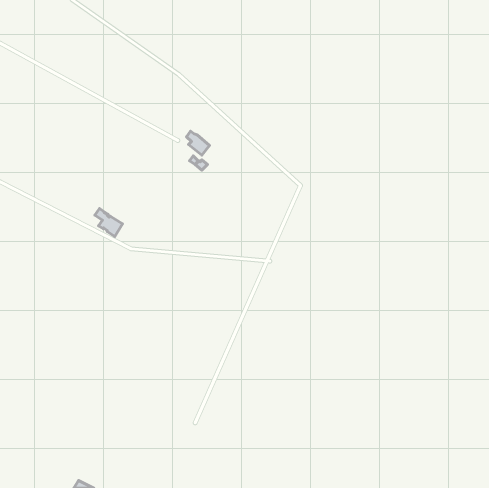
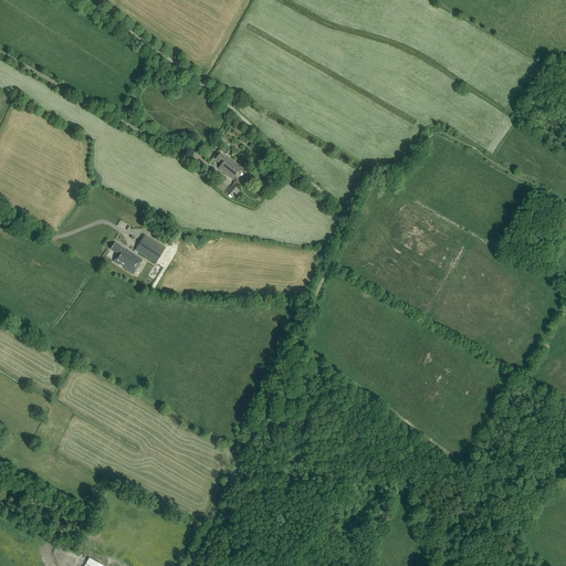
building: none -> [135,234,165,262]

